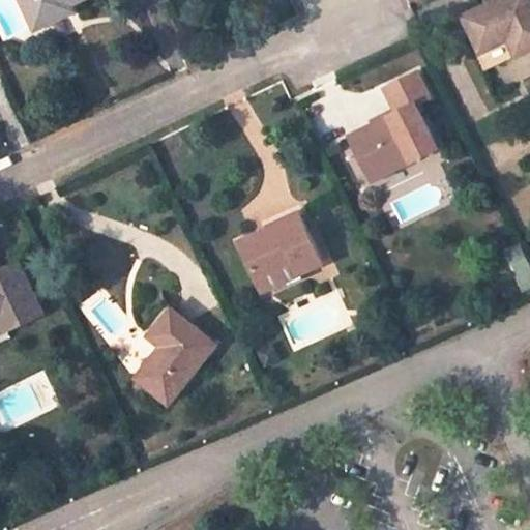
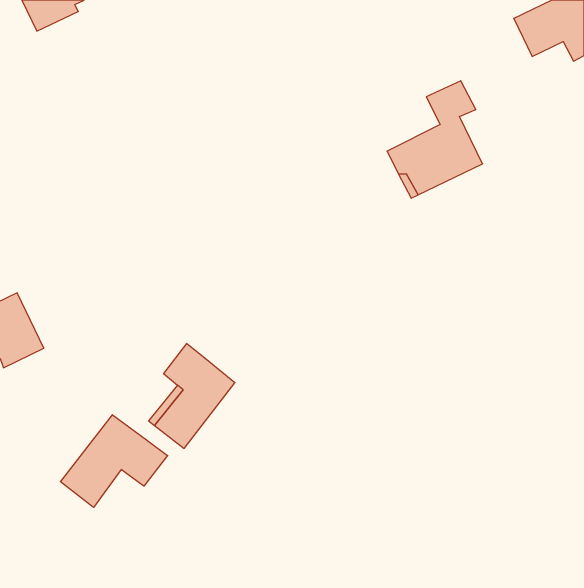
building: [239,215,319,290] -> none
building: none -> [61,415,168,507]

